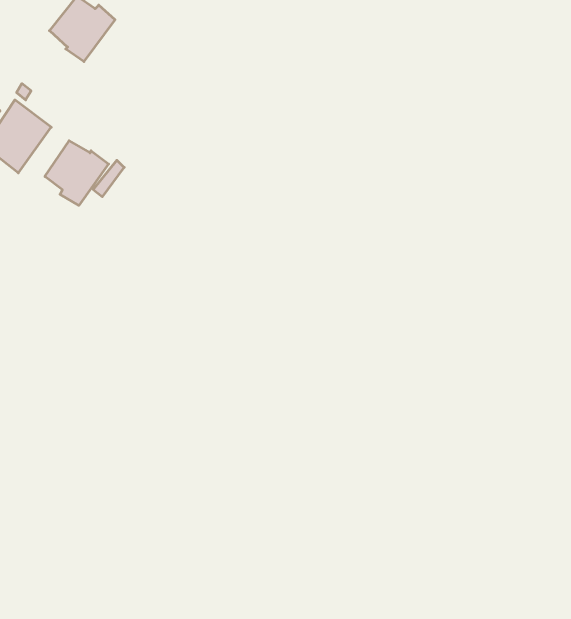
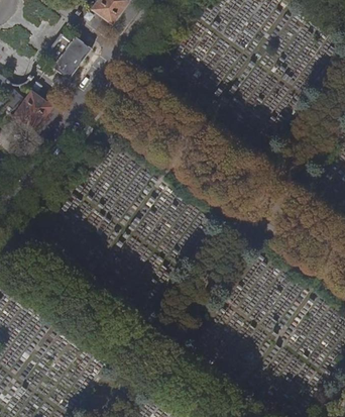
building: [45,141,109,205] -> none

